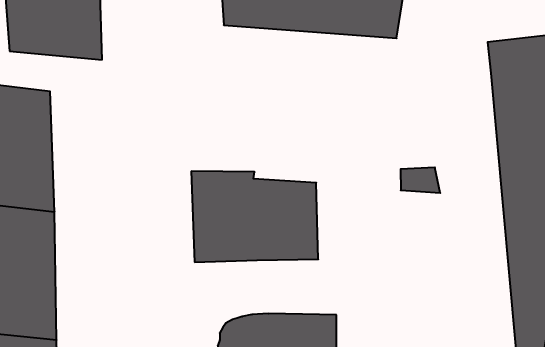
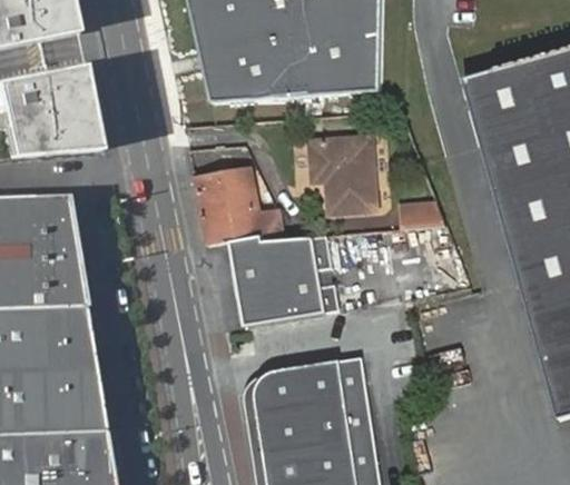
building: none -> [313,138,377,211]
building: none -> [195,167,267,244]

